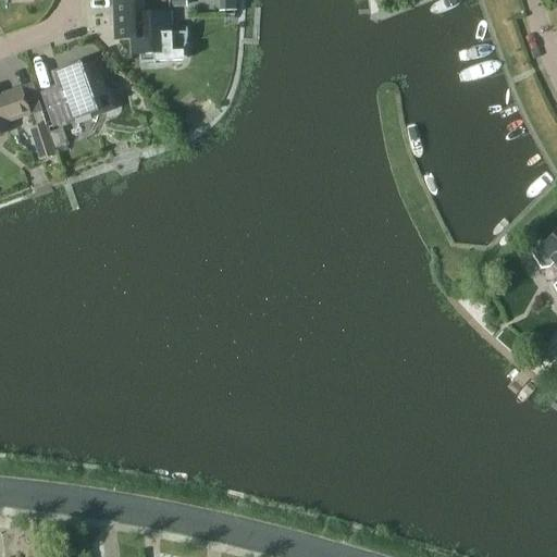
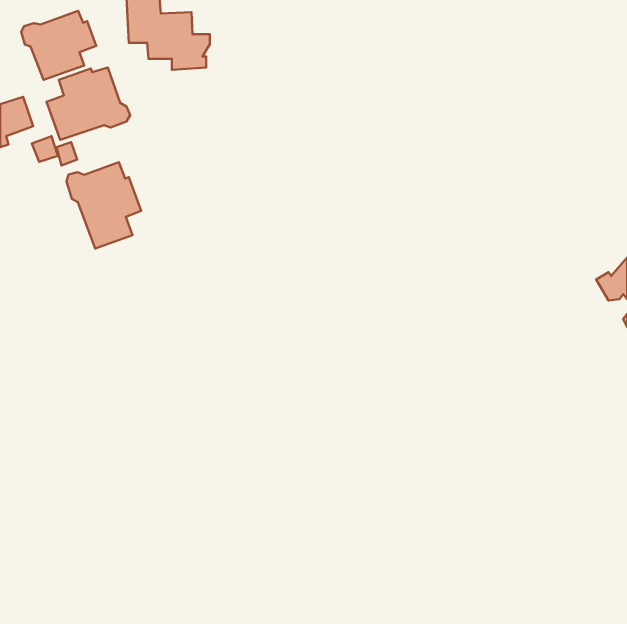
building: none -> [21,11,96,80]
building: none -> [66,162,141,248]

